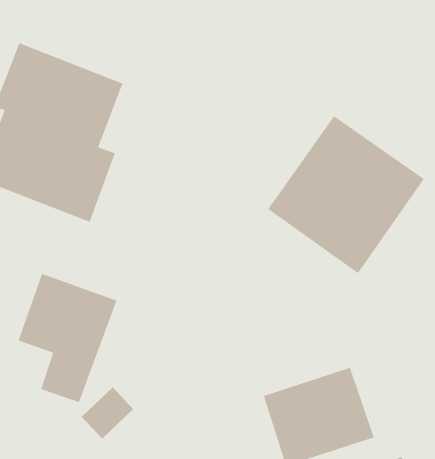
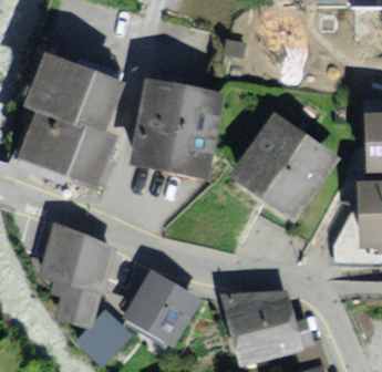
building: none -> [126,79,221,182]
building: none -> [123,267,200,342]

